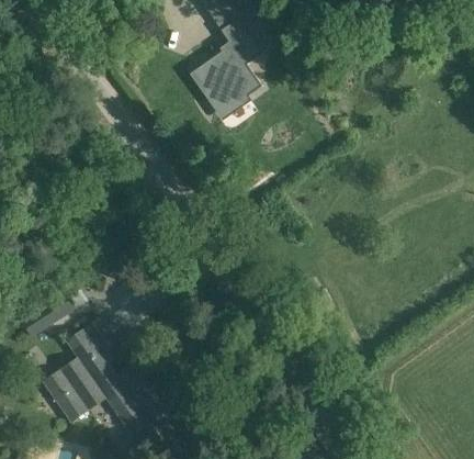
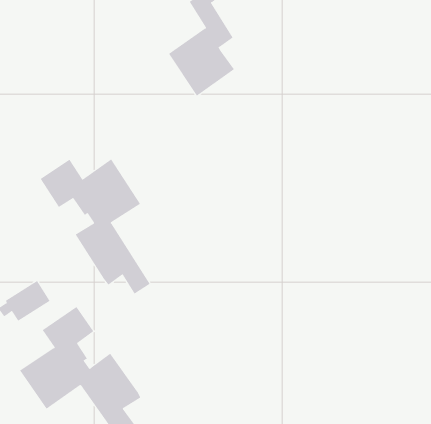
building: none -> [40,159,151,295]

